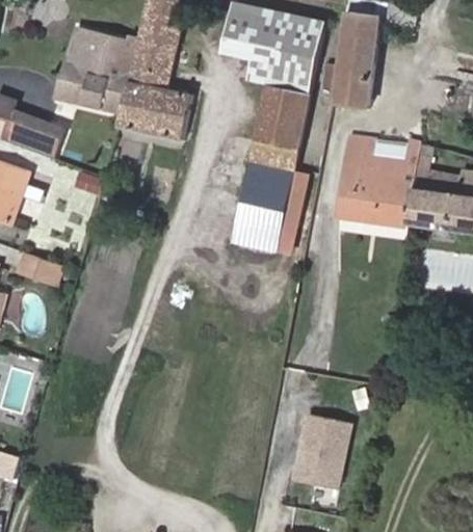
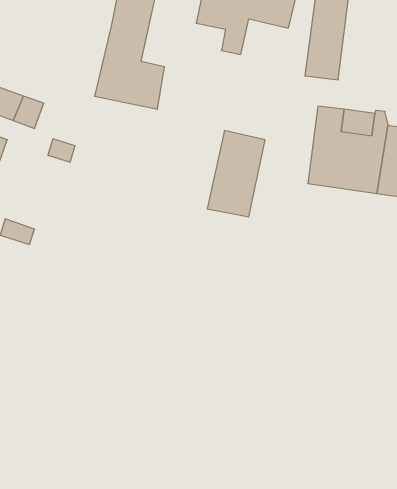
building: [60,35,135,112] -> none
building: [251,46,316,169] -> none
building: [293,415,350,490] -> none

